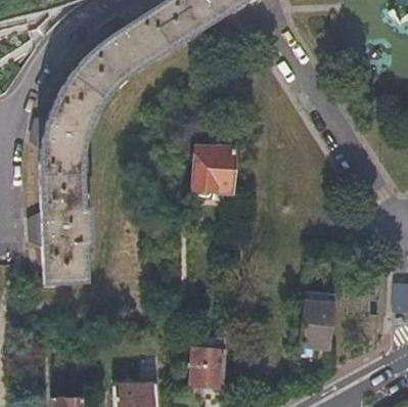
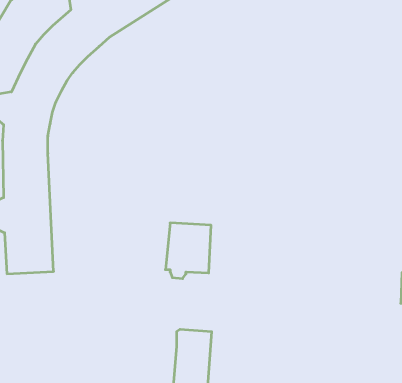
building: [192,146,233,196] -> [165,223,211,279]
building: [299,290,335,348] -> none

